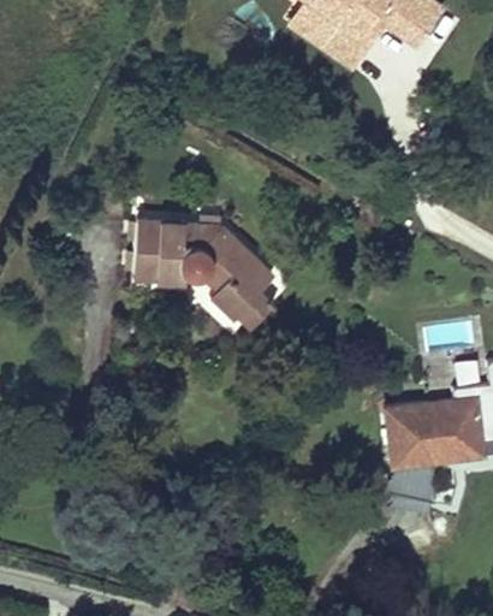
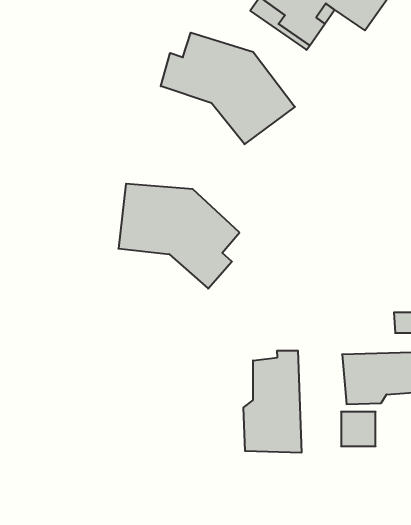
building: none -> [161,33,295,144]
building: none -> [244,351,301,453]

